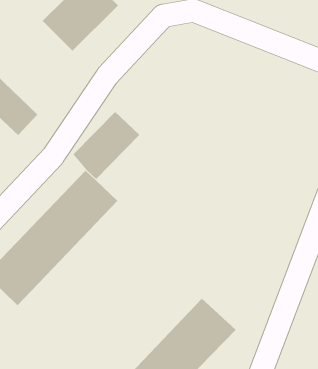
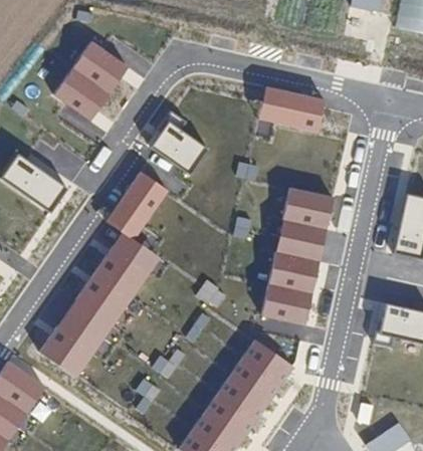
building: none -> [257,85,325,133]
building: none -> [150,121,206,172]
building: none -> [261,187,330,324]

